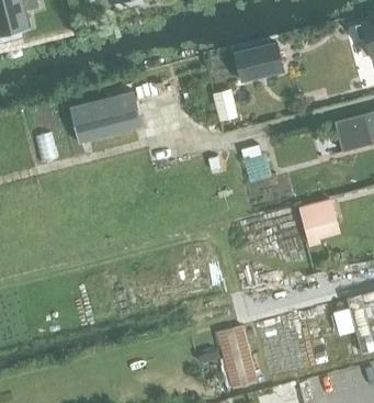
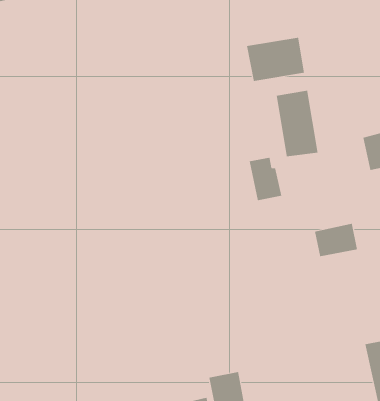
building: none -> [276,90,318,157]
building: [69,91,141,143] -> none

